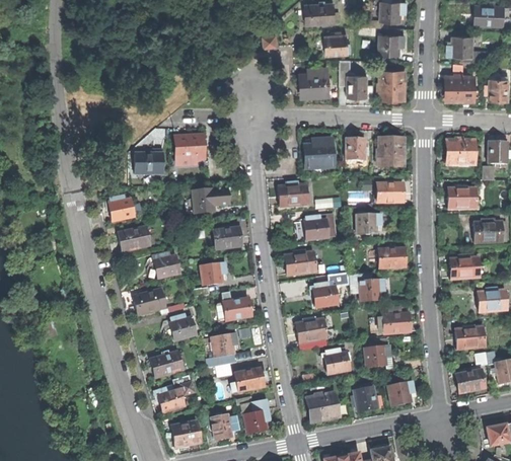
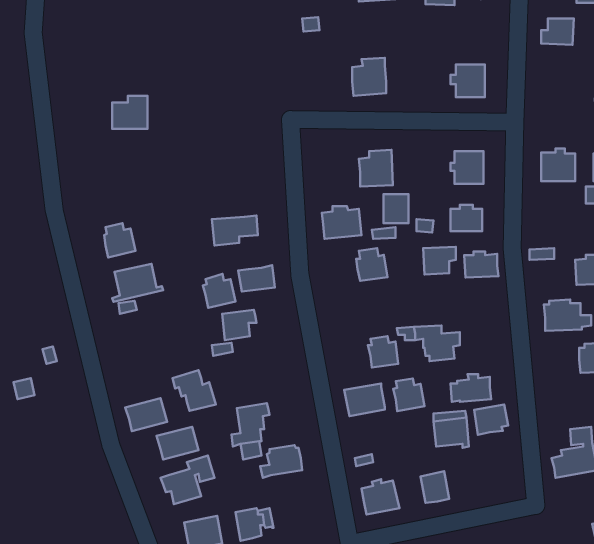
building: [324,35,347,56] -> none
building: [379,35,405,56] -> none
building: [340,61,374,98] -> none
building: [447,74,473,100] -> none
building: [175,136,202,165] -> none
building: [346,138,365,160] -> [384,194,408,223]
building: [135,149,162,174] -> [112,96,148,129]
building: [447,185,476,209] -> none
building: [378,247,405,267] -> [464,251,498,278]
building: [154,252,179,279] -> [203,274,236,308]
building: [286,252,316,276] -> none
building: [133,290,165,315] -> [125,398,167,431]
building: [216,298,250,321] -> none
building: [454,327,484,350] -> none
building: [324,350,349,375] -> [393,378,425,411]
building: [388,382,415,405] -> [474,405,508,435]
building: [242,400,270,434] -> none

